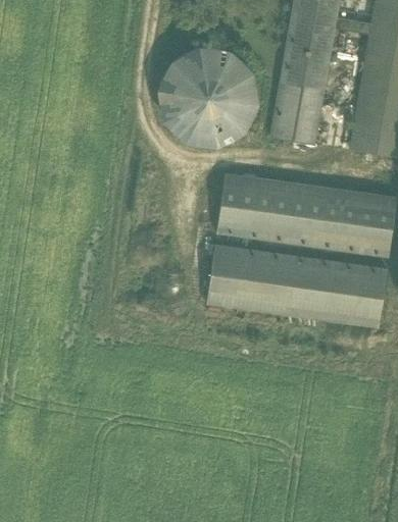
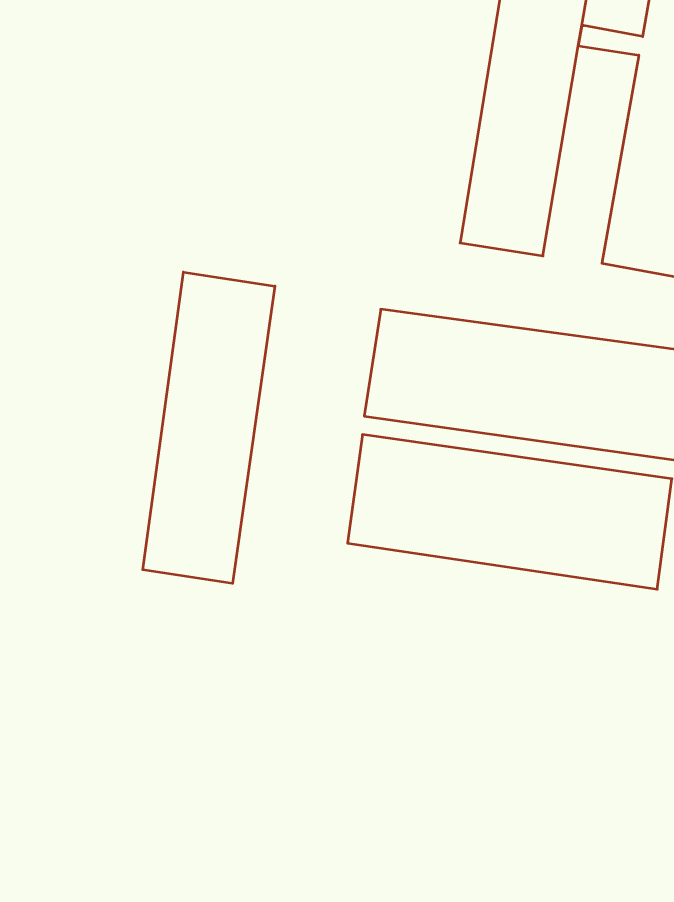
building: [149,37,262,152] -> none
building: none -> [143,272,275,583]

